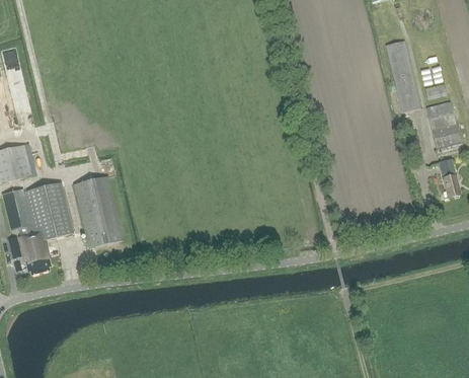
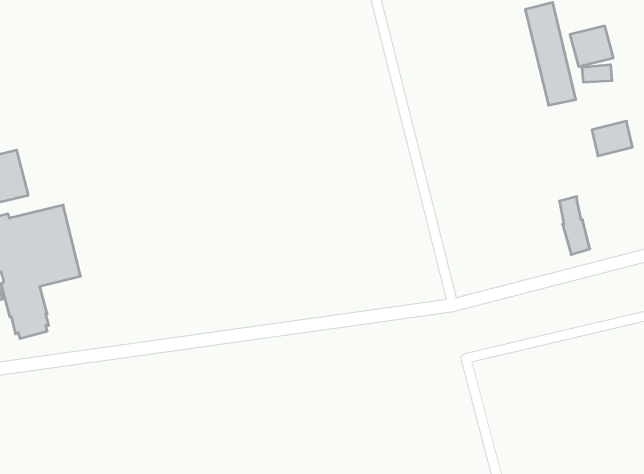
building: [425,100,456,129] -> [570,26,613,66]
building: [440,157,461,198] -> [559,197,590,255]
building: [74,175,124,247] -> none

